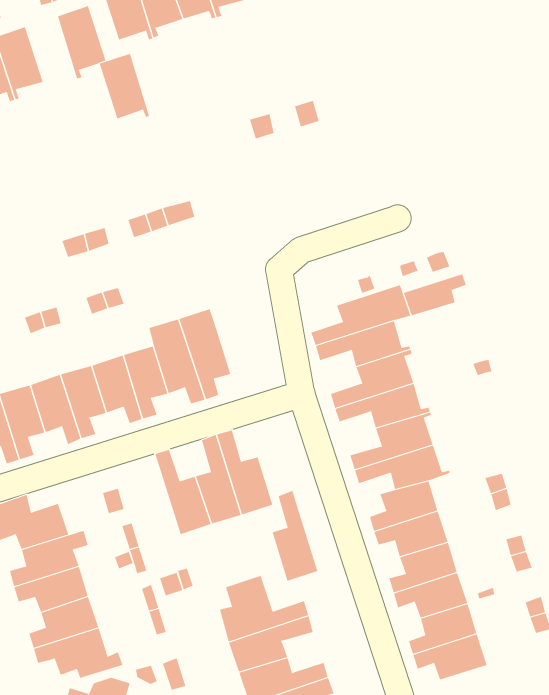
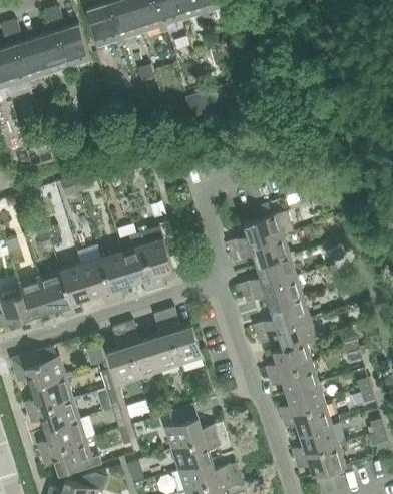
building: [99,53,150,119] -> [36,31,70,75]
building: [403,273,466,316] -> none
building: [272,490,318,582] -> [108,324,139,385]

